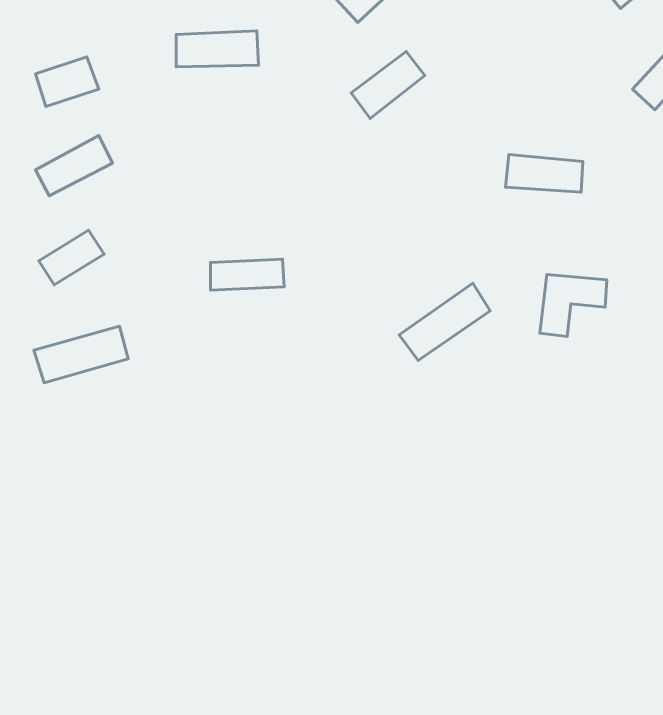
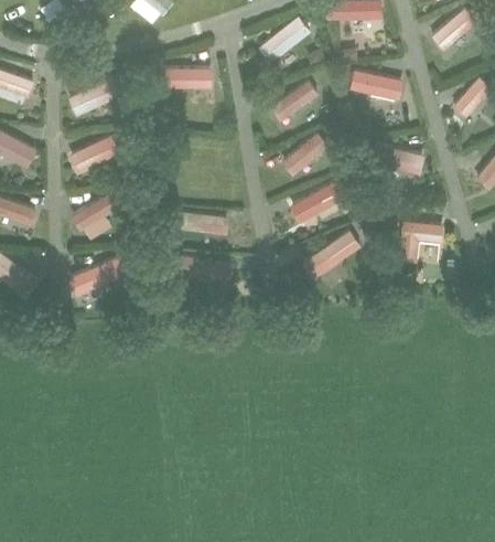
building: none -> [349,72,405,96]
building: none -> [282,131,327,176]
building: none -> [289,177,348,224]

